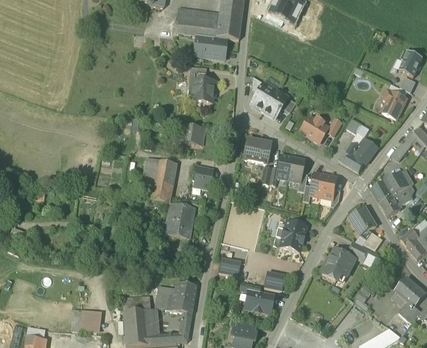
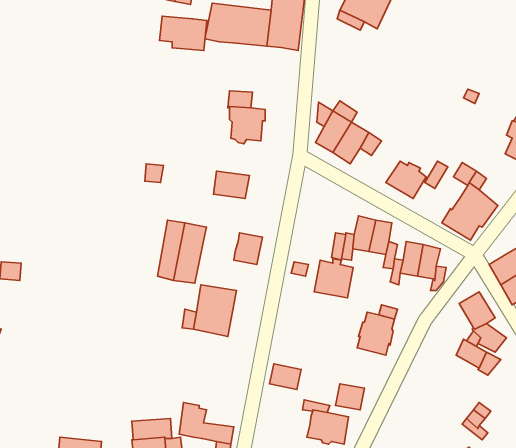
building: [193,35,226,59] -> [159,16,207,51]
building: [243,137,270,164] -> [314,259,353,298]
building: [320,248,356,280] -> none
building: [172,282,196,302] -> none

